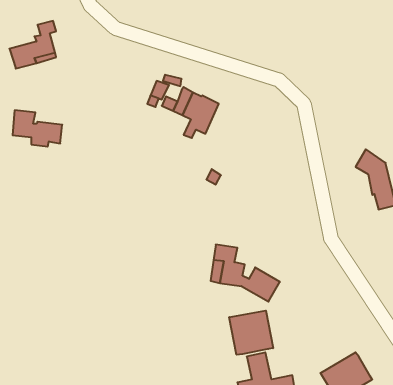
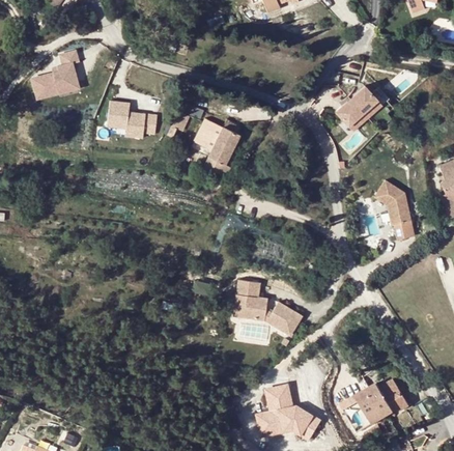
building: none -> [337,86,389,136]
building: [13,110,62,147] -> [108,96,158,133]
building: [229,311,273,355] -> none
building: none -> [379,379,408,412]

